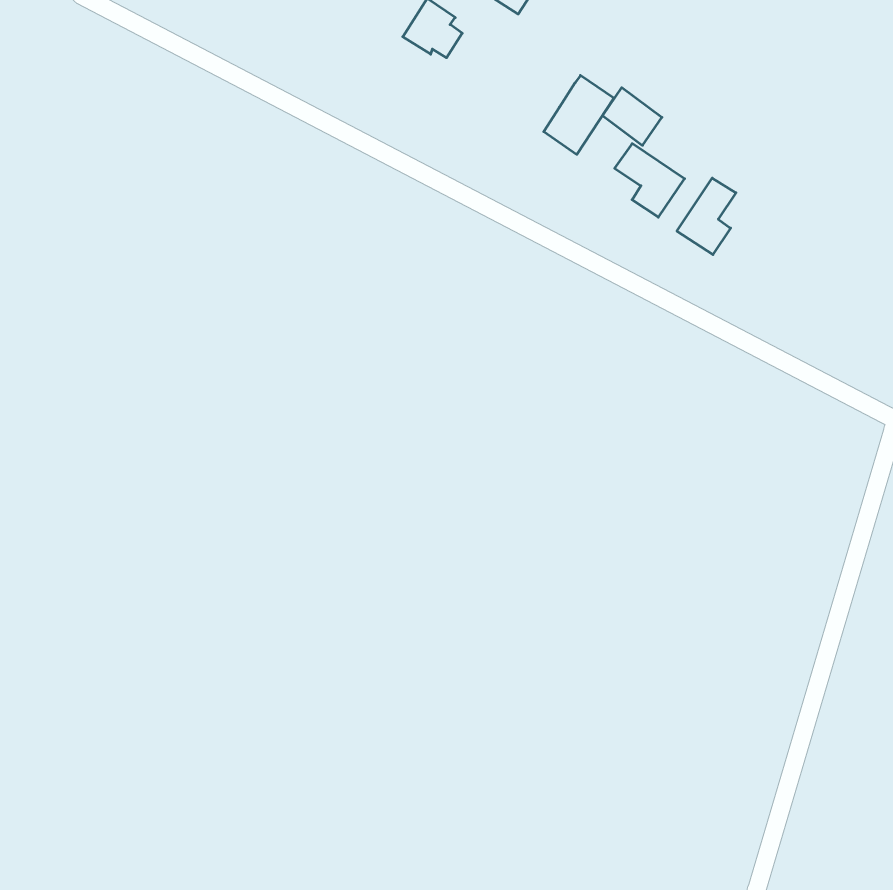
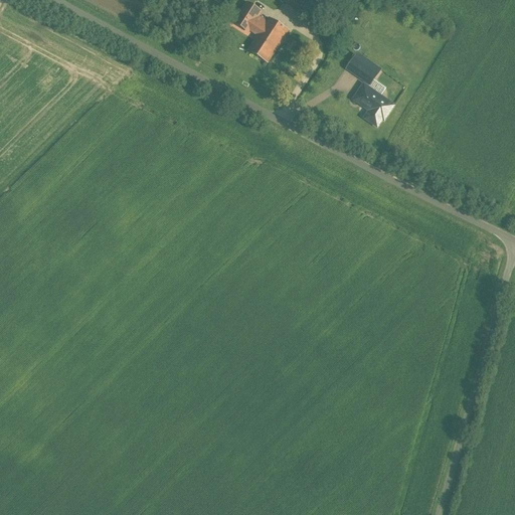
building: [544,75,614,154] -> [247,15,288,60]
building: [677,178,736,255] -> none

